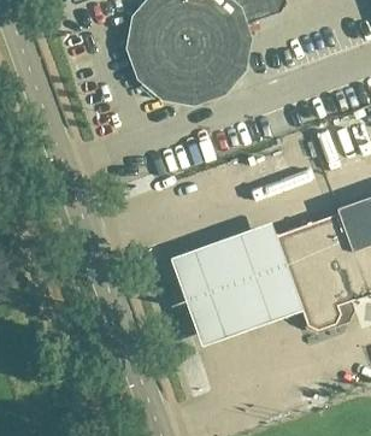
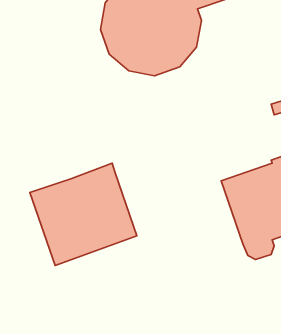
building: [170,222,301,347] -> [30,163,137,265]

